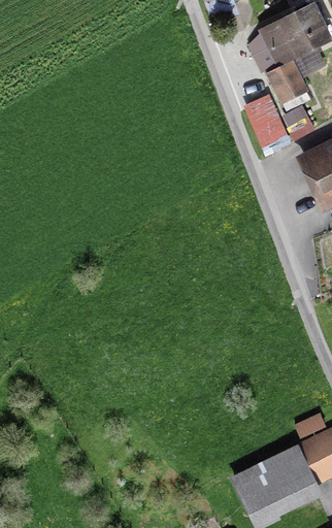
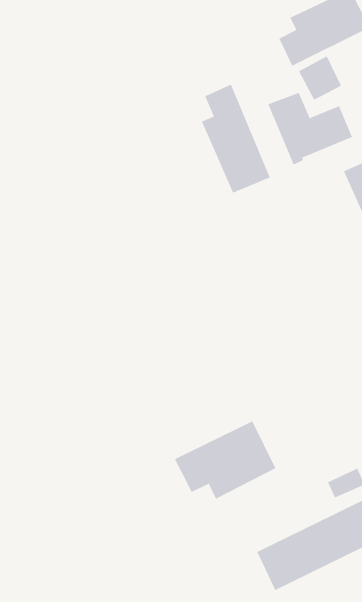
building: none -> [201,84,271,194]
building: none -> [174,420,276,499]

